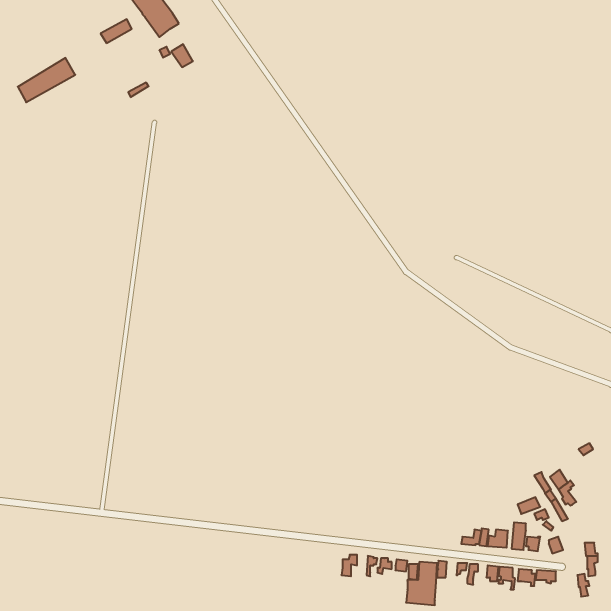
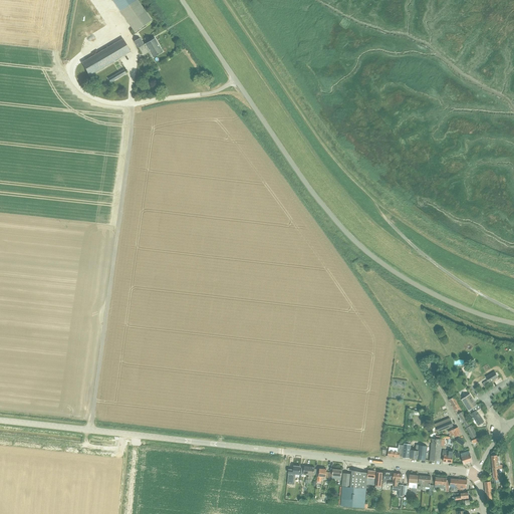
building: [18,58,75,102] -> [81,37,130,74]

